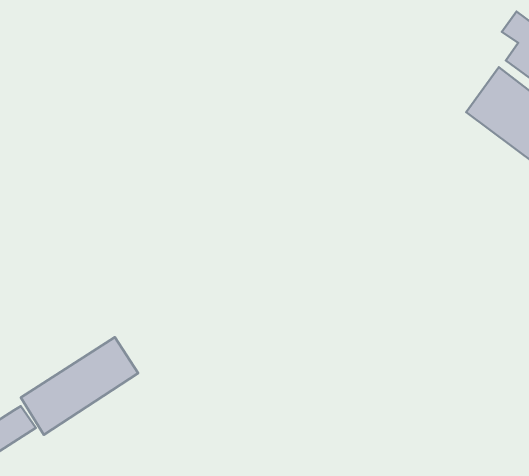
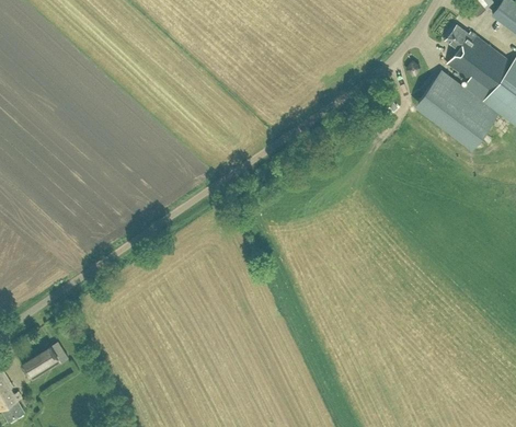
building: [21,337,138,435] -> none

